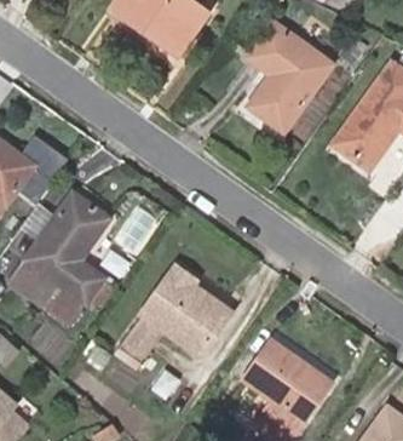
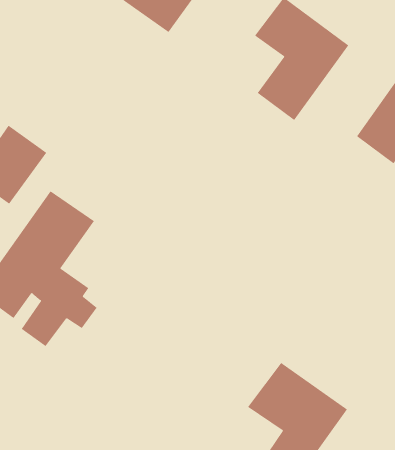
building: [122,265,229,360] -> none

